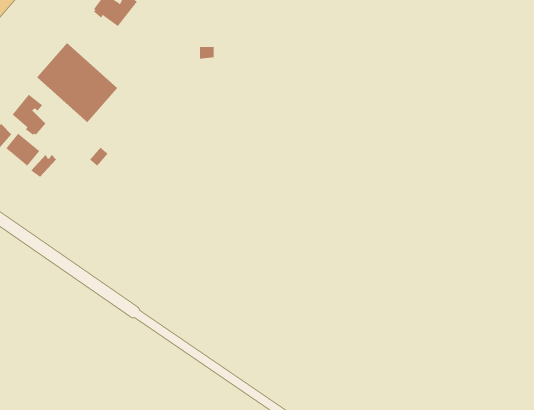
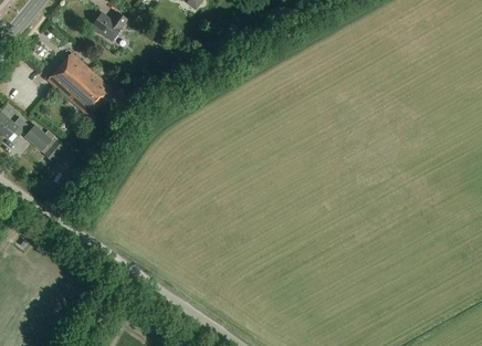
building: [12,94,46,136] -> none

